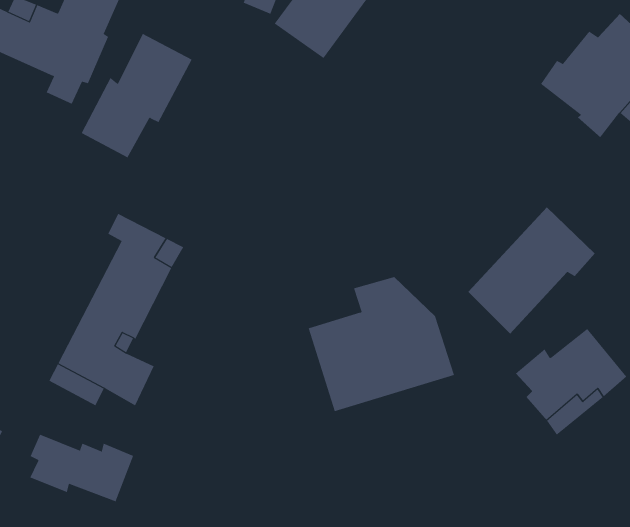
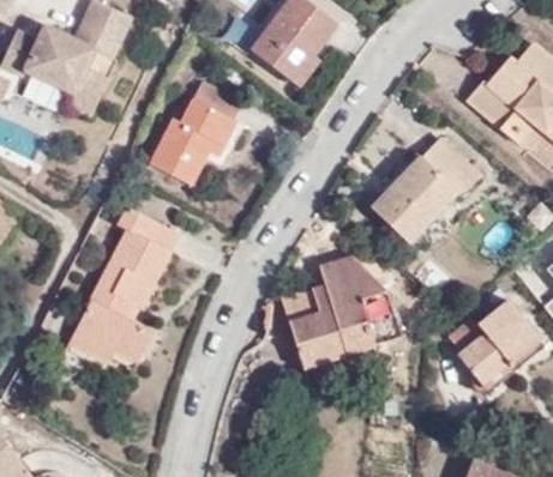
building: [81,33,193,158] -> [151,81,242,183]
building: [467,206,595,334] -> [373,139,477,243]
building: [29,434,134,502] -> none

